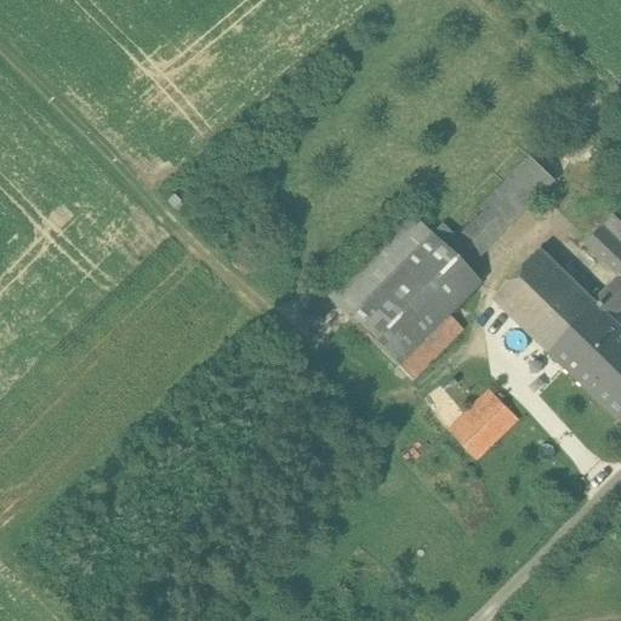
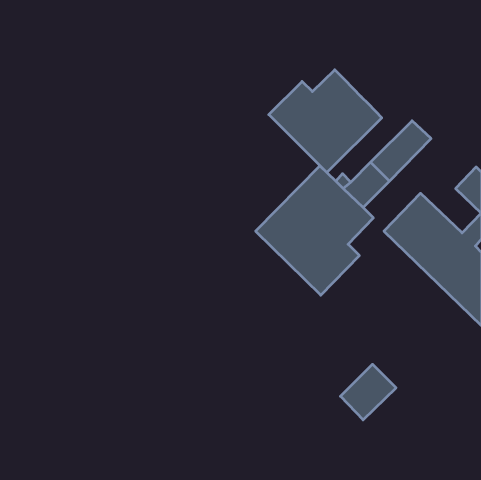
building: none -> [269,70,382,173]
building: [449,388,520,460] -> [340,364,396,420]

